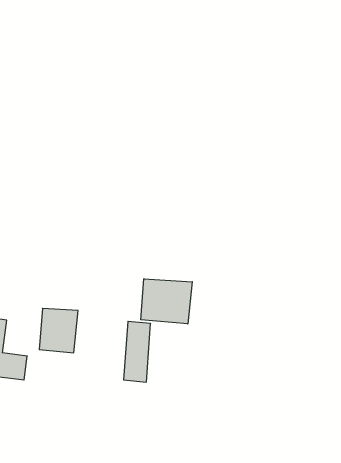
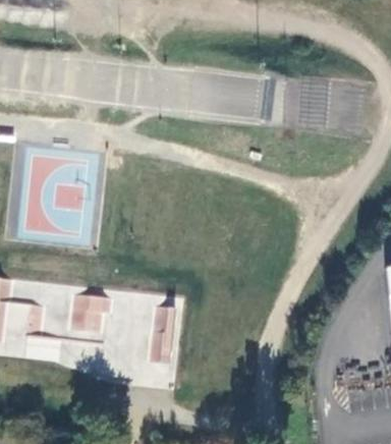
building: [141,279,192,324] -> none

